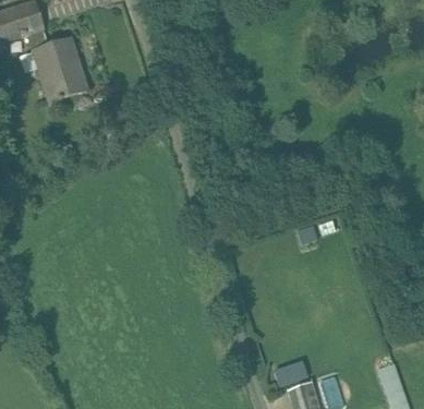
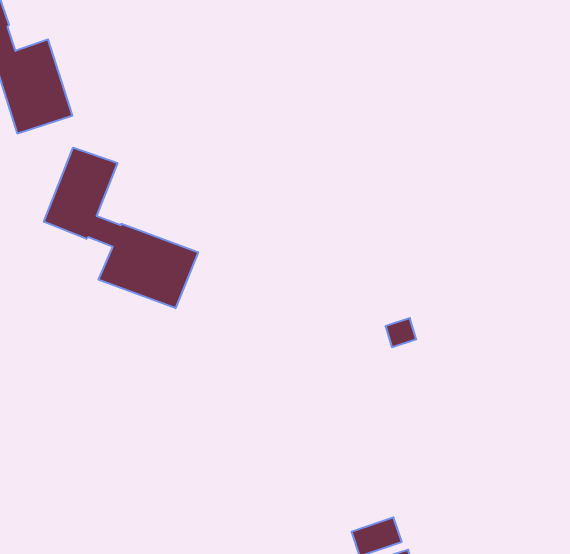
building: none -> [44,148,198,308]

